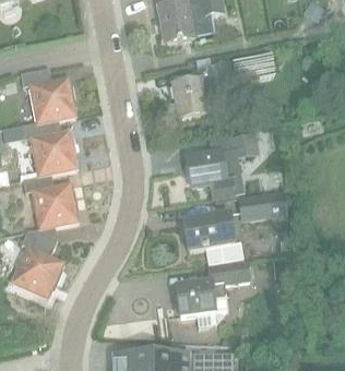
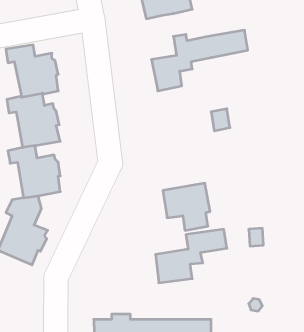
building: [186,148,236,196] -> none
building: [237,189,287,220] -> none

